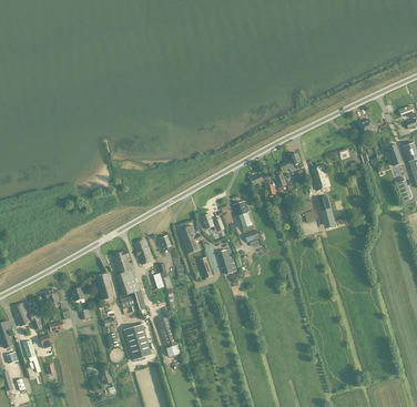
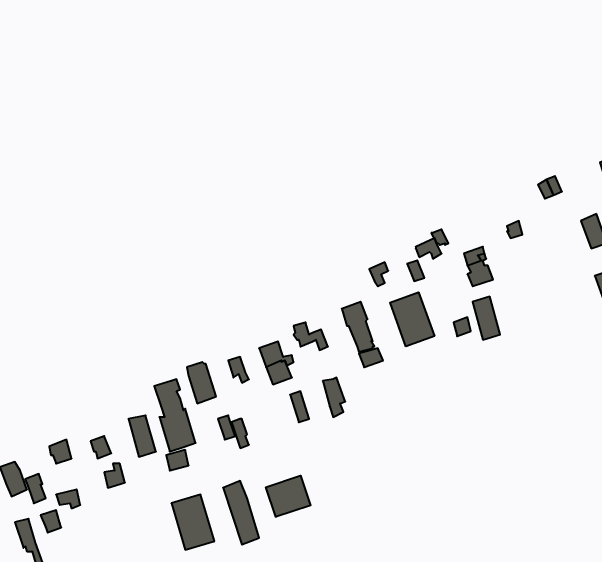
building: none -> [390,292,434,346]
building: none -> [266,476,311,517]

